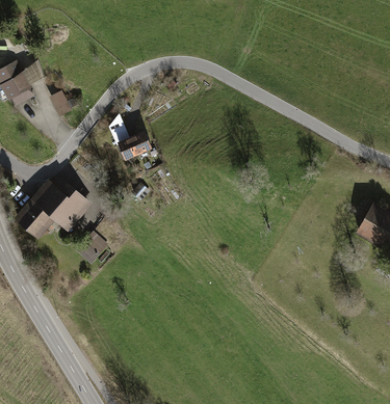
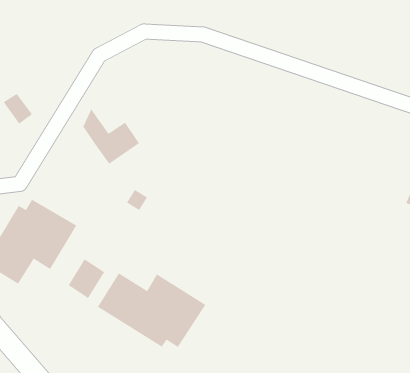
building: none -> [97,273,206,348]

